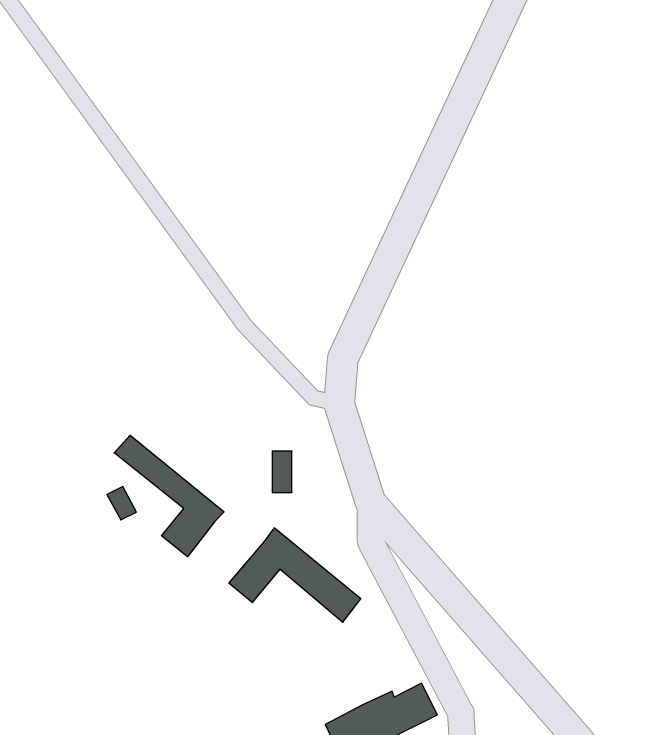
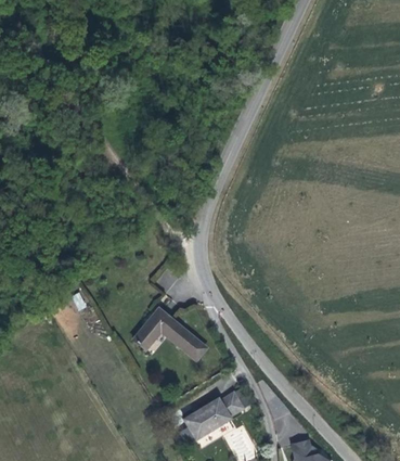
building: [114,435,224,557] -> none

